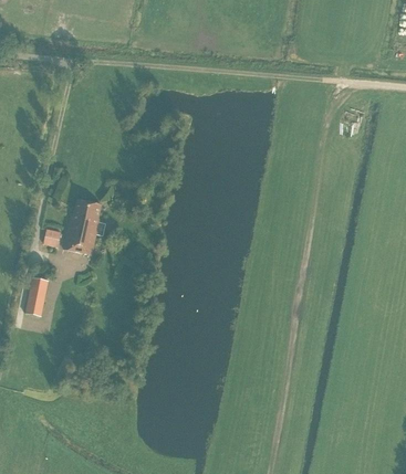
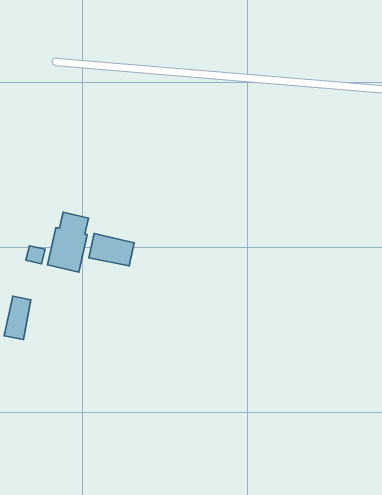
building: none -> [89,234,134,266]

